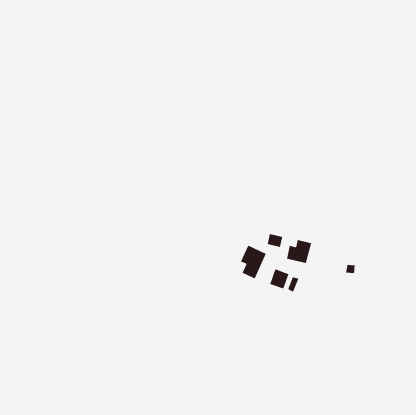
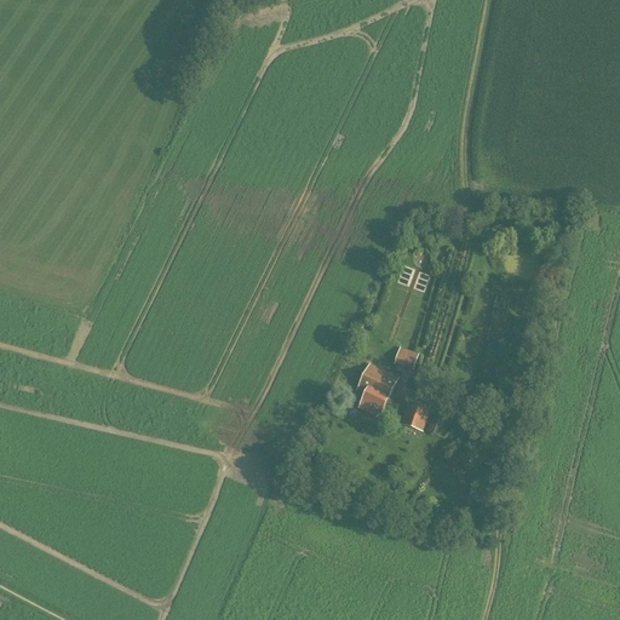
building: [286,239,312,264] -> none

